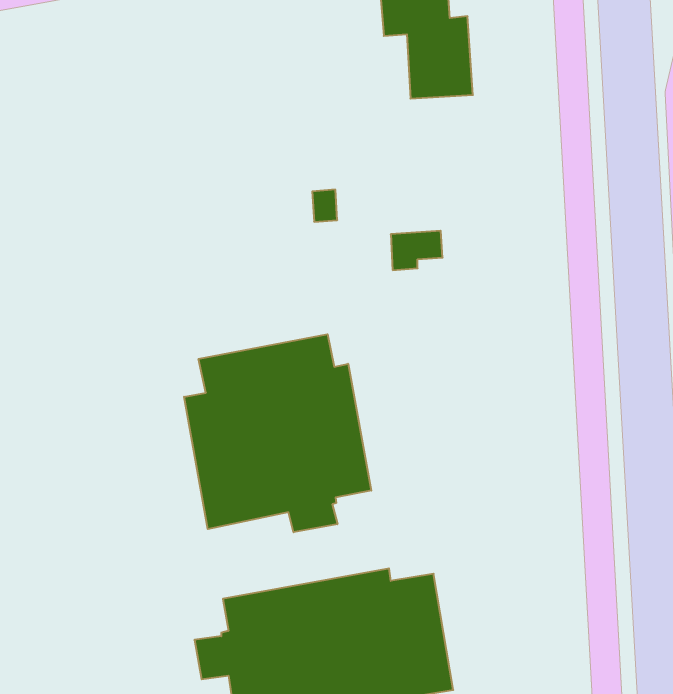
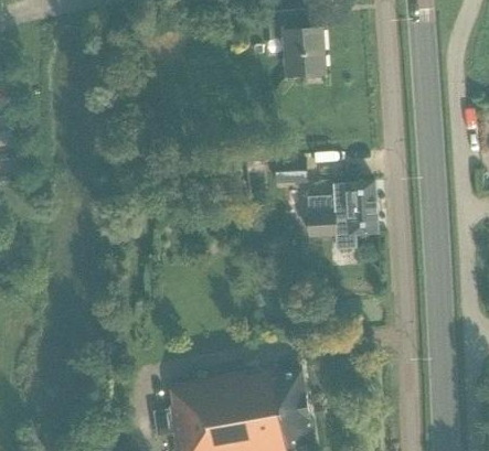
building: none -> [308,180,379,247]
building: [184,334,371,532] -> none

